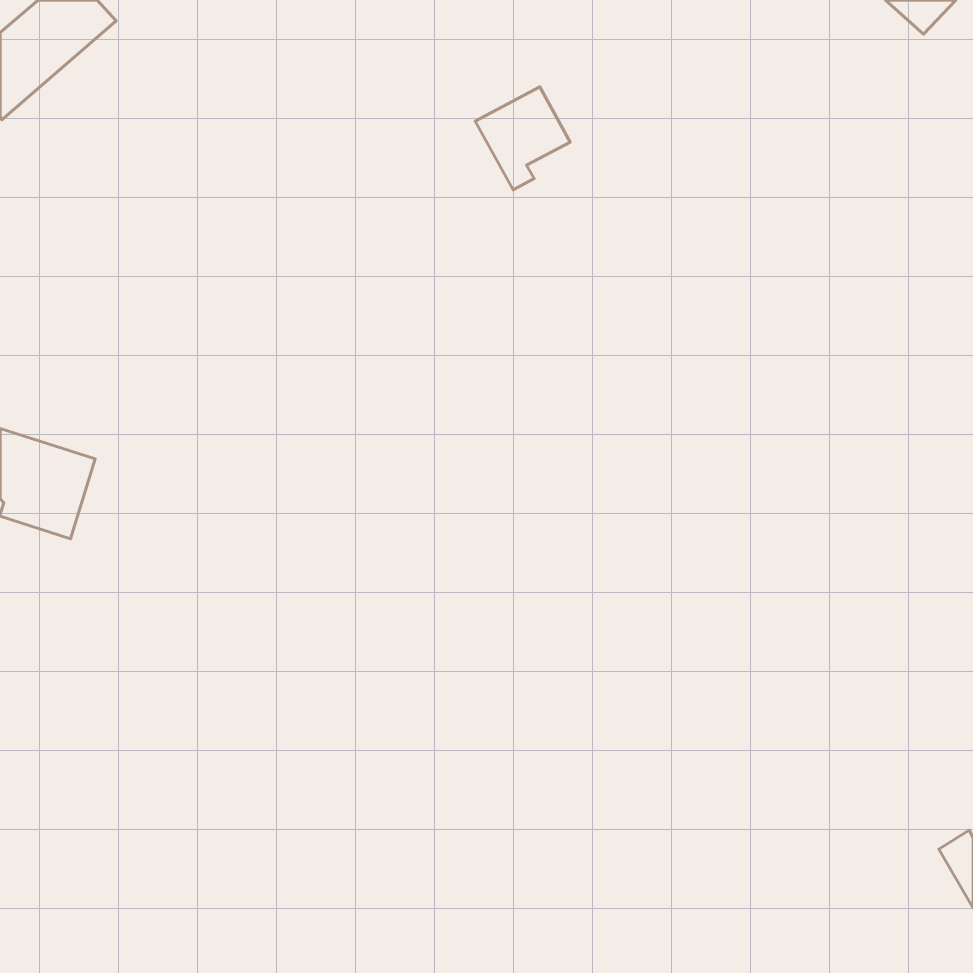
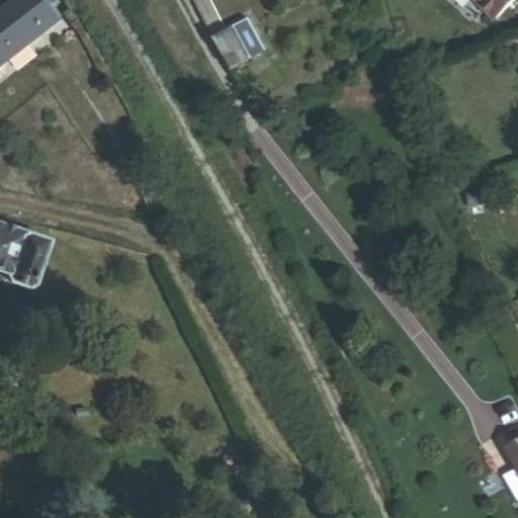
building: [475,87,570,190] -> [211,14,262,69]

